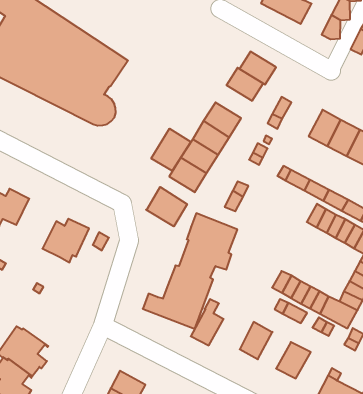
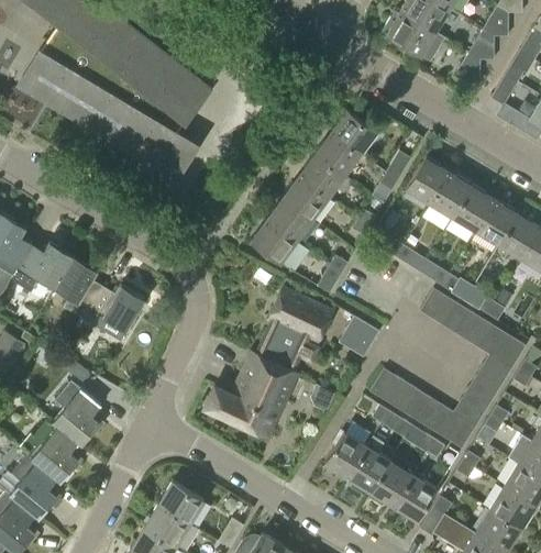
building: [239,52,276,85] -> [316,132,362,175]
building: none -> [407,157,450,203]
building: [151,129,191,171] -> none
building: [146,187,187,226] -> none
building: none -> [54,257,104,321]
building: none -> [340,316,380,356]
building: none -> [54,381,101,444]
building: [191,299,224,345] -> [346,434,389,493]
building: none -> [393,475,435,521]

